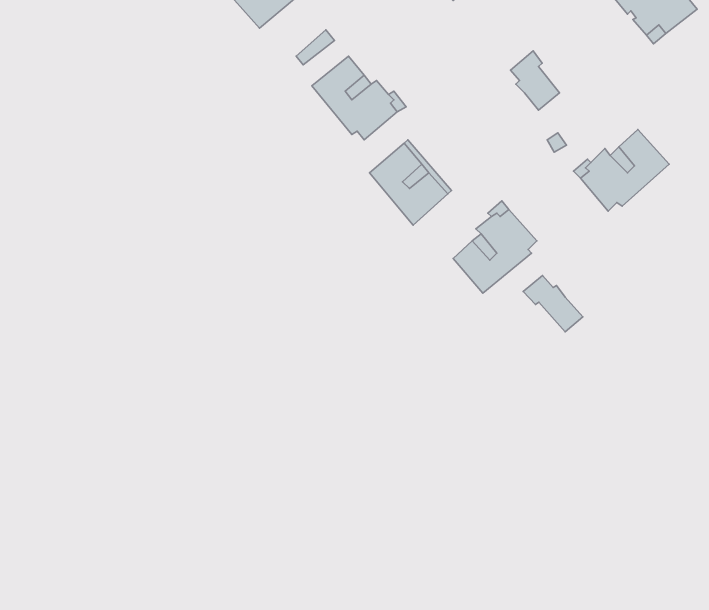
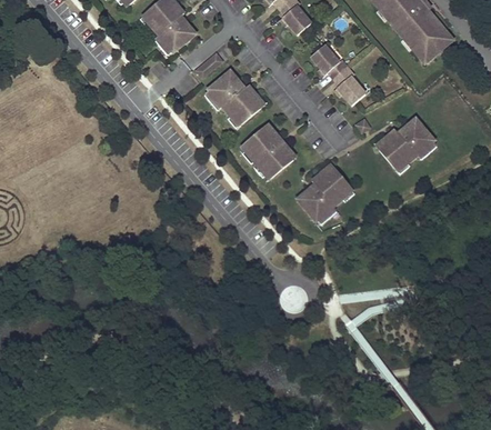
building: none -> [311,44,348,79]
building: [523,275,583,332] -> none

